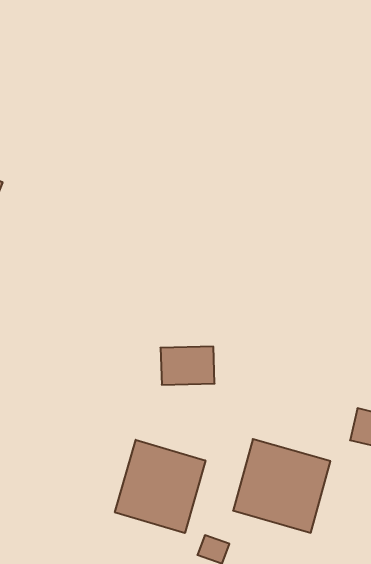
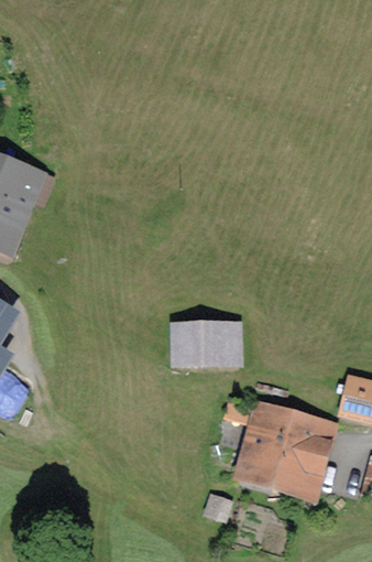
building: [115,440,205,533] -> none

